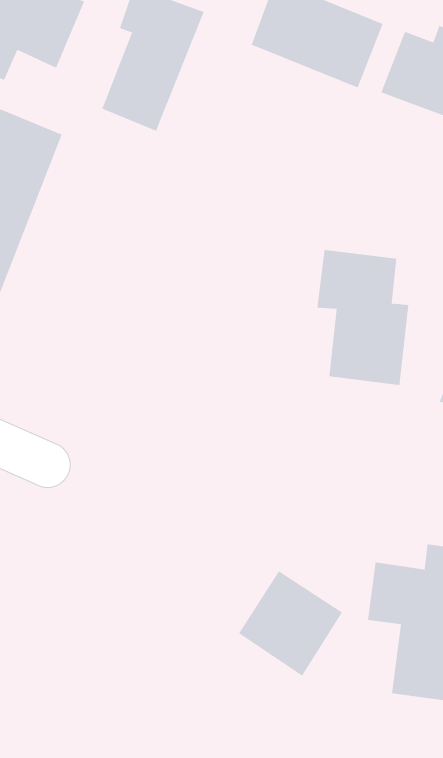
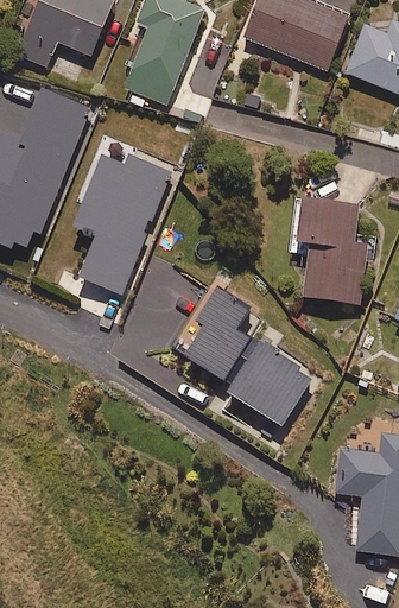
building: none -> [69,154,170,294]
building: none -> [188,287,249,378]
building: [238,571,343,677] -> [229,342,312,426]

